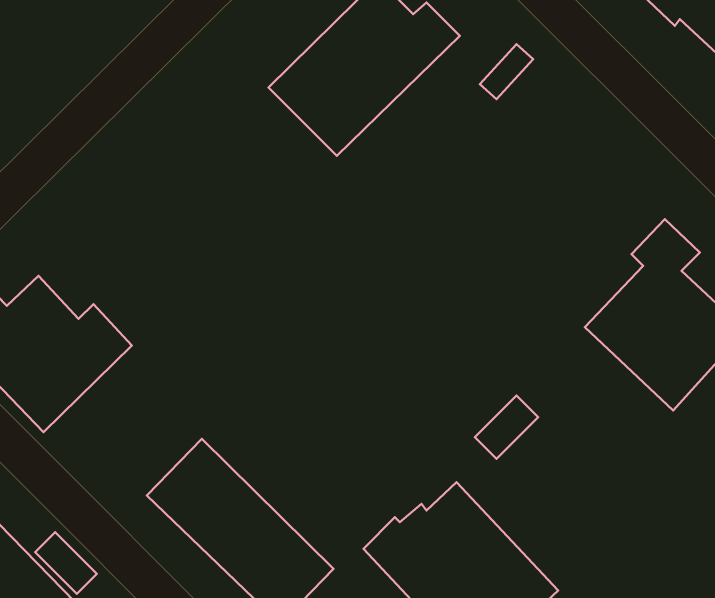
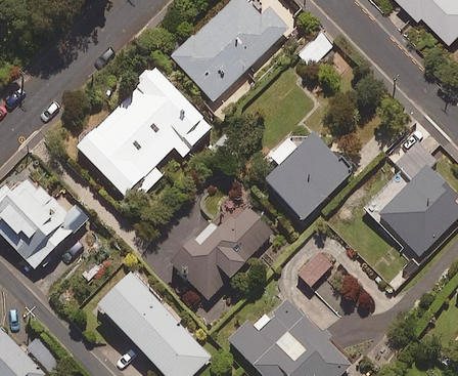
building: none -> [75,69,211,197]
building: none -> [262,135,350,223]
building: none -> [169,206,273,300]

